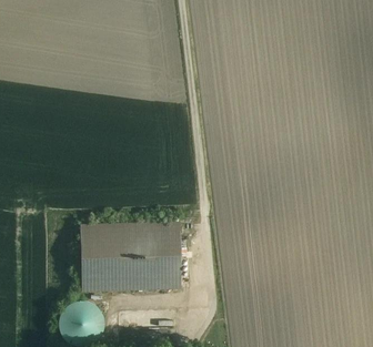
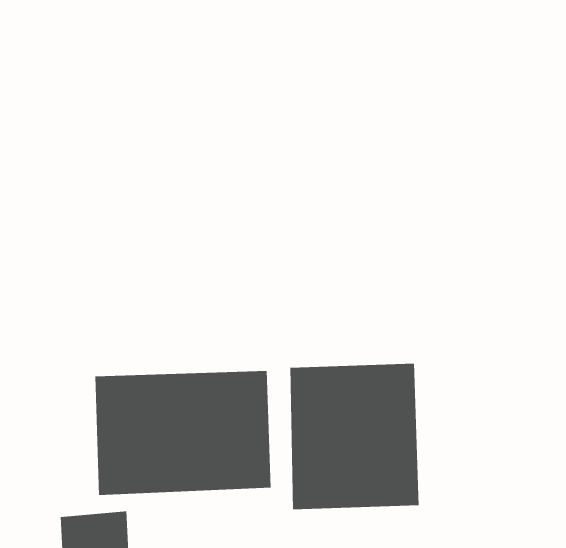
building: none -> [290,363,419,510]

